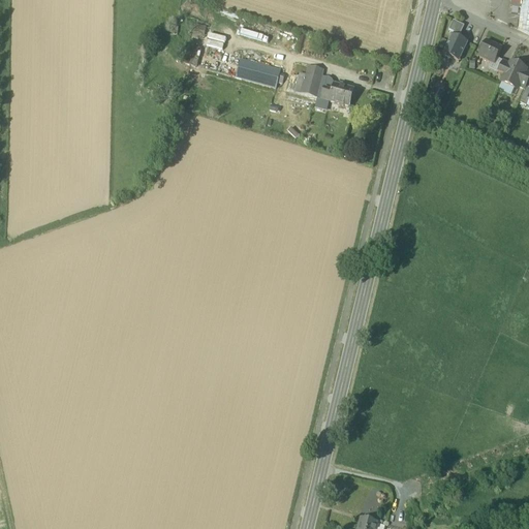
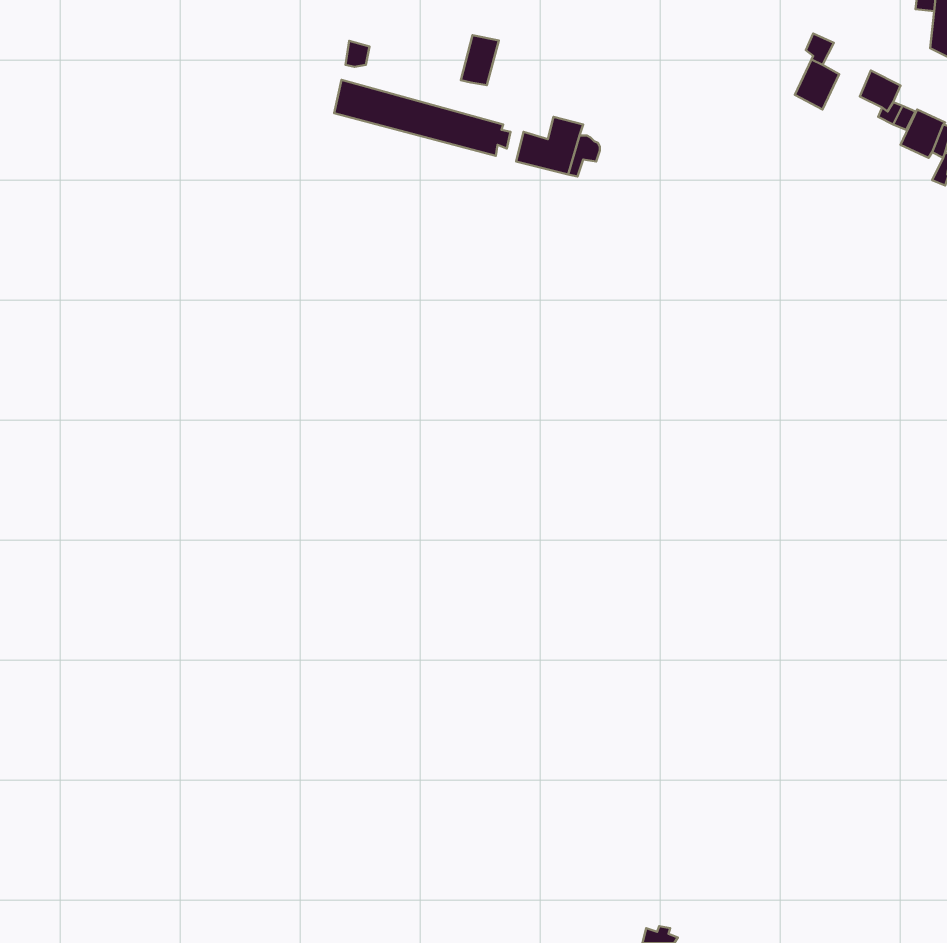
building: none -> [461,35,499,85]
building: [322,84,356,106] -> none

